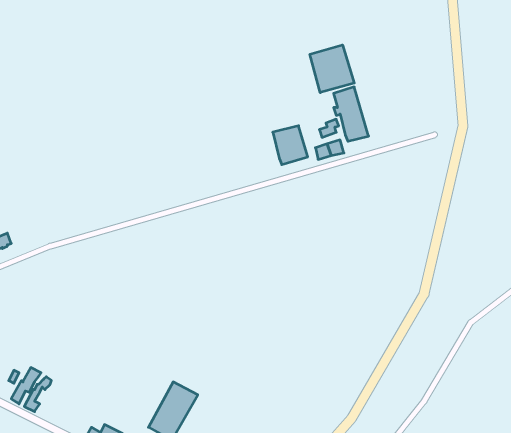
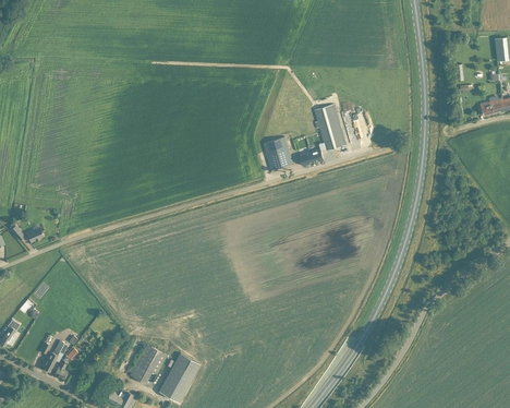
building: [310,45,354,93] -> none
building: none -> [128,344,166,386]

